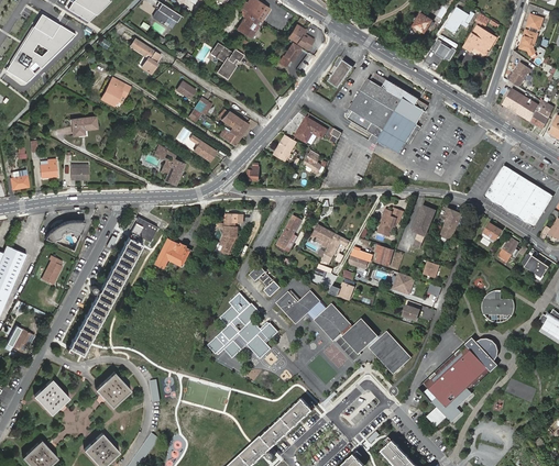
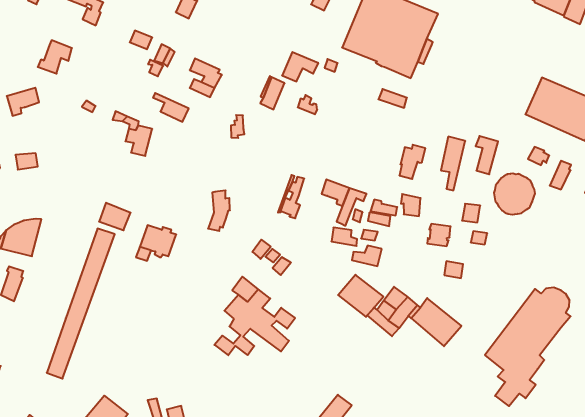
building: [481,290,514,323] -> [494,173,535,215]
building: [276,291,319,323] -> none

